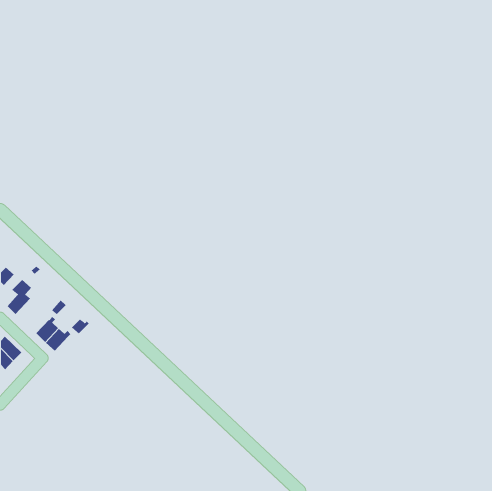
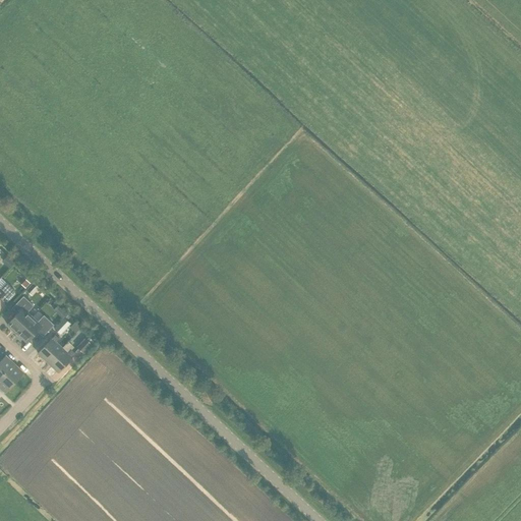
building: none -> [16,314,54,342]

